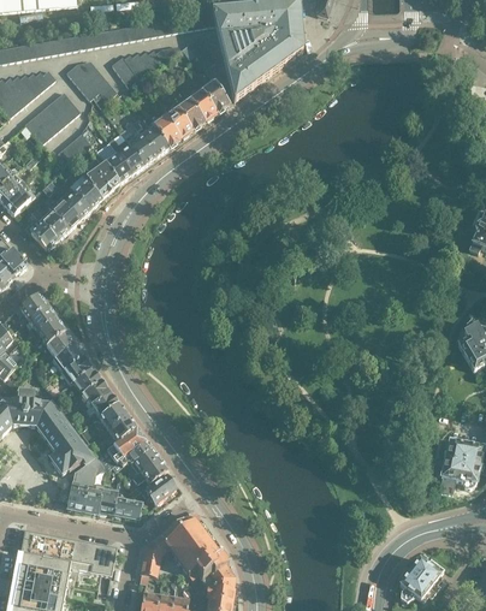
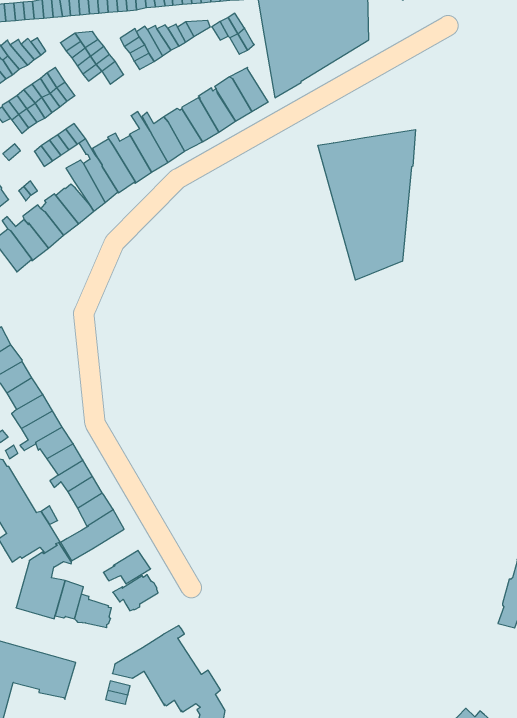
building: none -> [318,130,415,280]
building: [119,441,158,470] -> none

